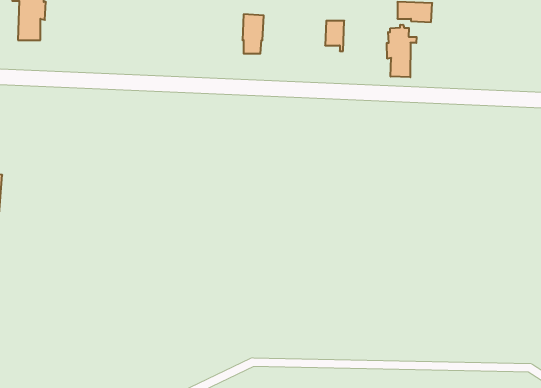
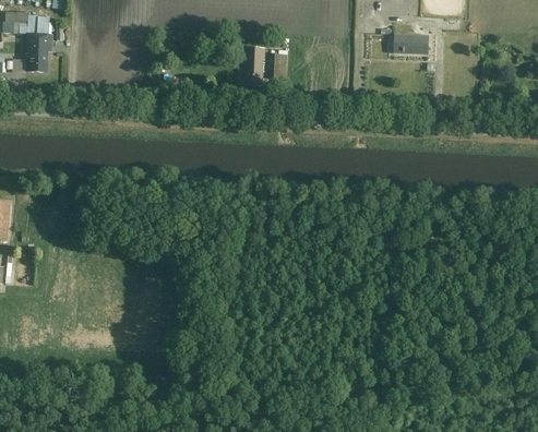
building: [325,21,344,51] -> [268,55,287,84]
building: [387,25,417,77] -> none

